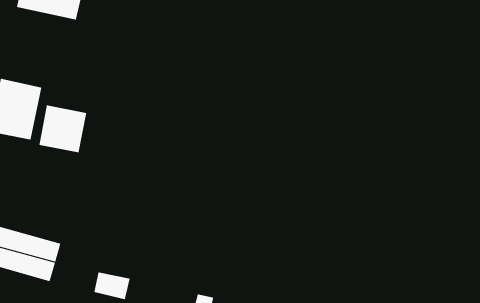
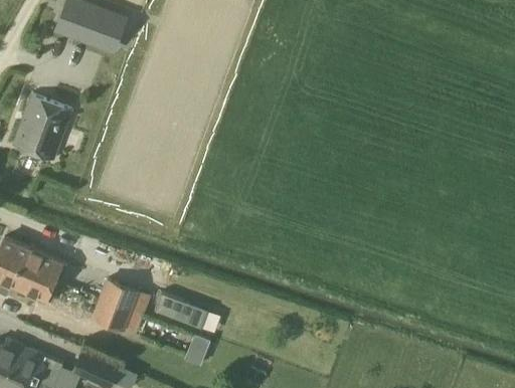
building: [39,104,87,153] -> none
building: none -> [101,280,139,311]
building: none -> [155,294,208,329]

